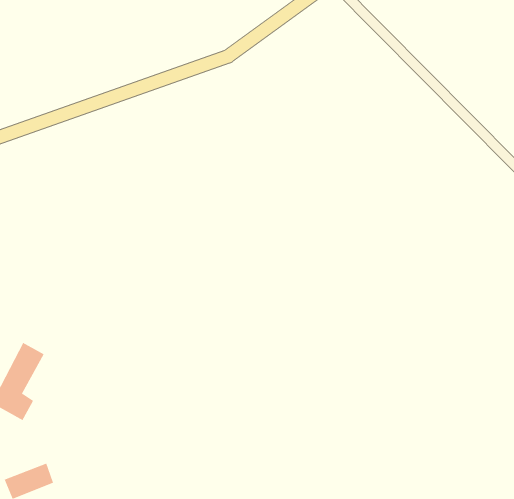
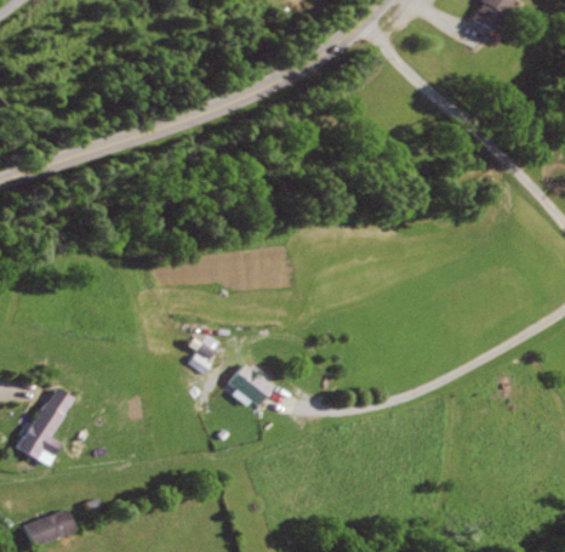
building: none -> [184,336,212,375]
building: none -> [228,364,272,404]

